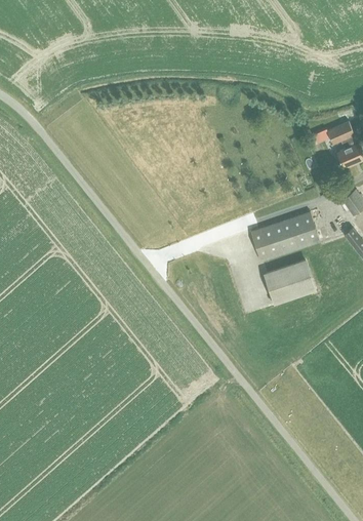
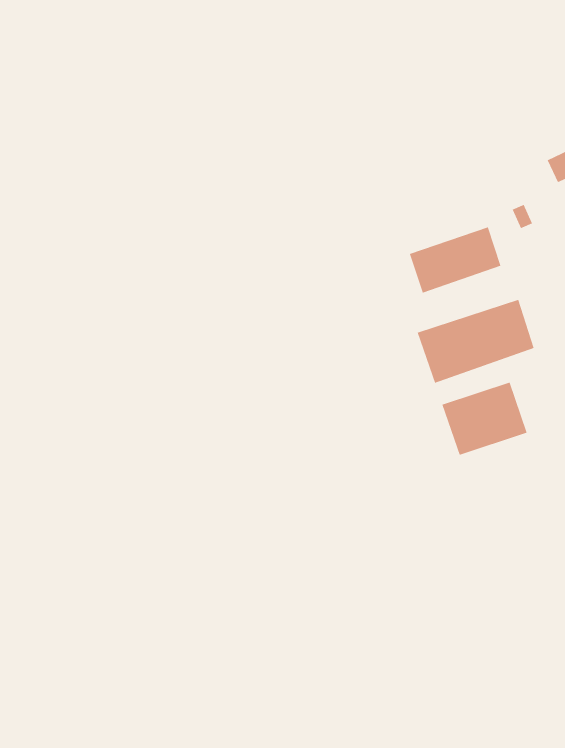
building: none -> [409,226,501,293]

